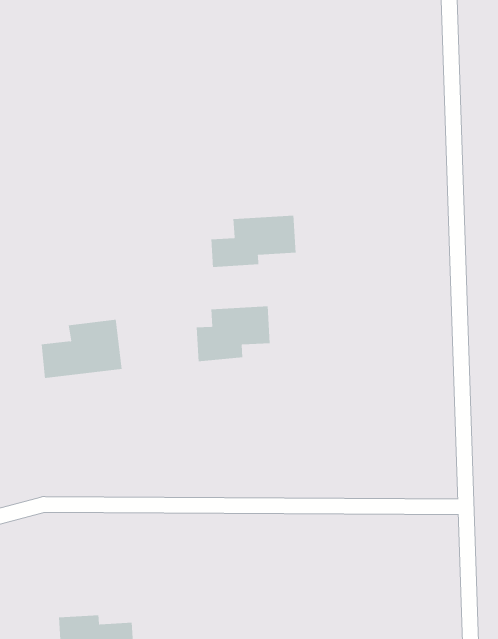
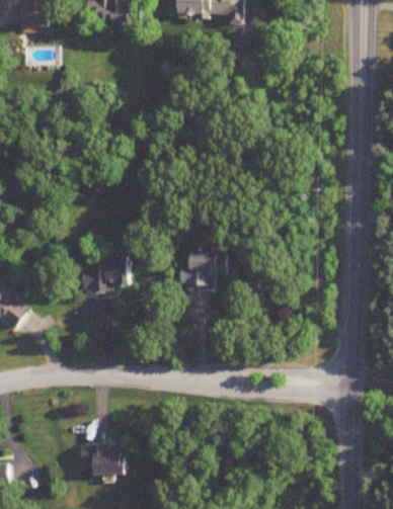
building: [211,215,296,268] -> none

